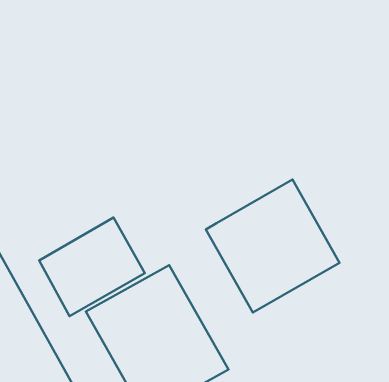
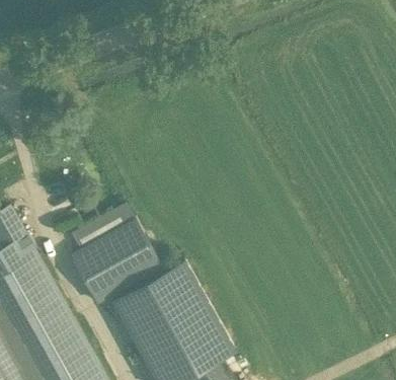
building: [206,180,340,313] -> none

